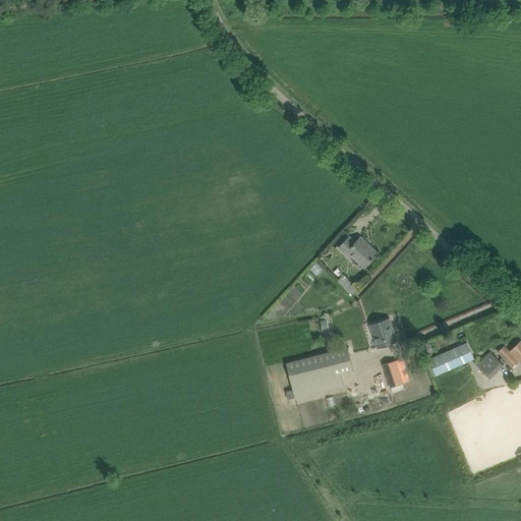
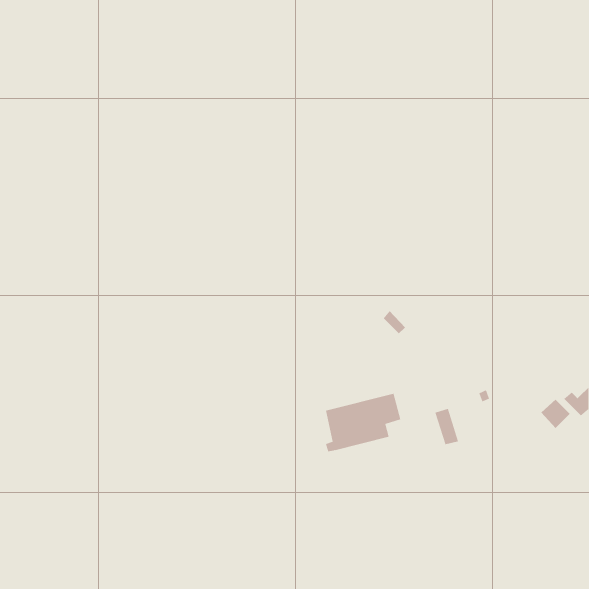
building: [339,236,379,267] -> none
building: [370,317,398,348] -> none
building: [429,343,474,375] -> none

